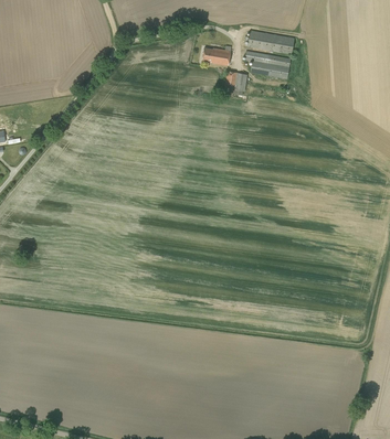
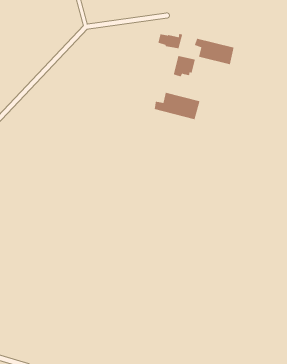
building: [246,31,294,55] -> none
building: none -> [154,92,201,120]

